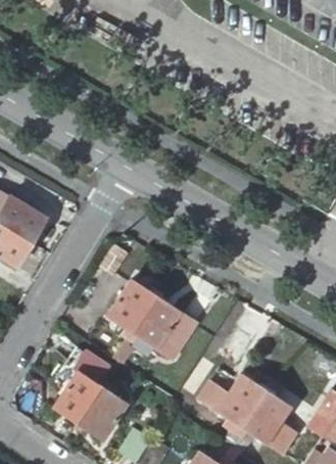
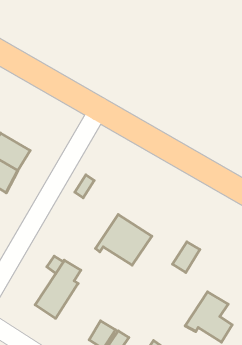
building: [107,279,155,337] -> none
building: [200,374,266,432] -> none
building: [78,380,127,438] -> none

